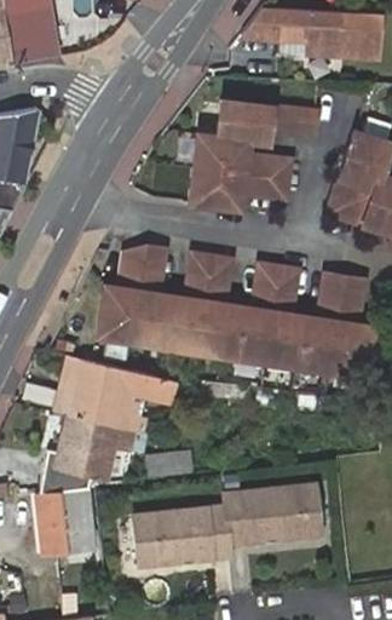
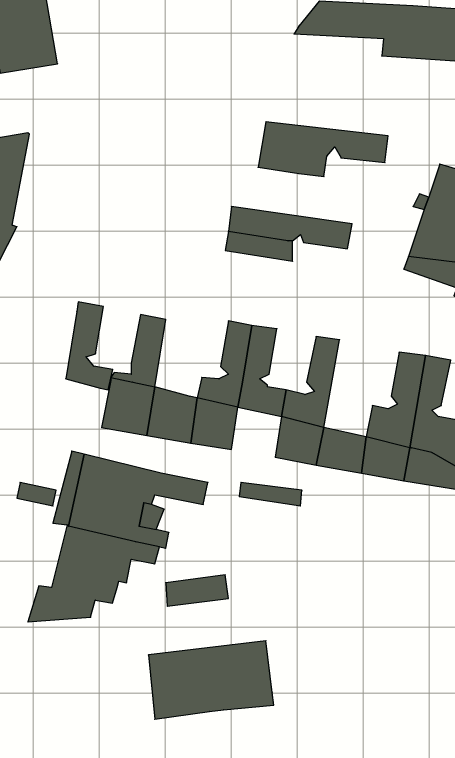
building: [195,134,290,180] -> none
building: [136,247,172,315] -> [66,302,113,390]
building: [266,270,304,345] -> none
building: [195,322,234,361] -> none
building: [220,483,318,542] -> none
building: [36,486,100,555] -> none

